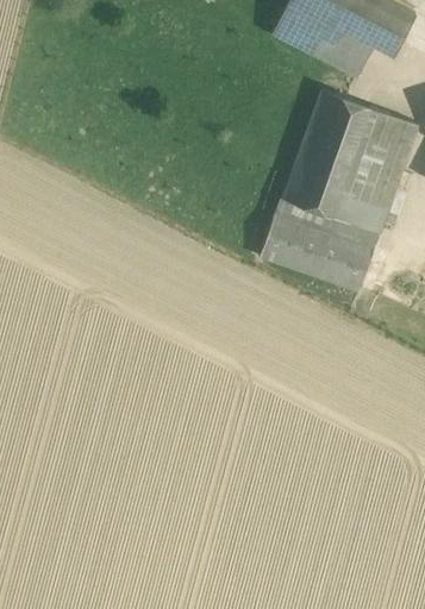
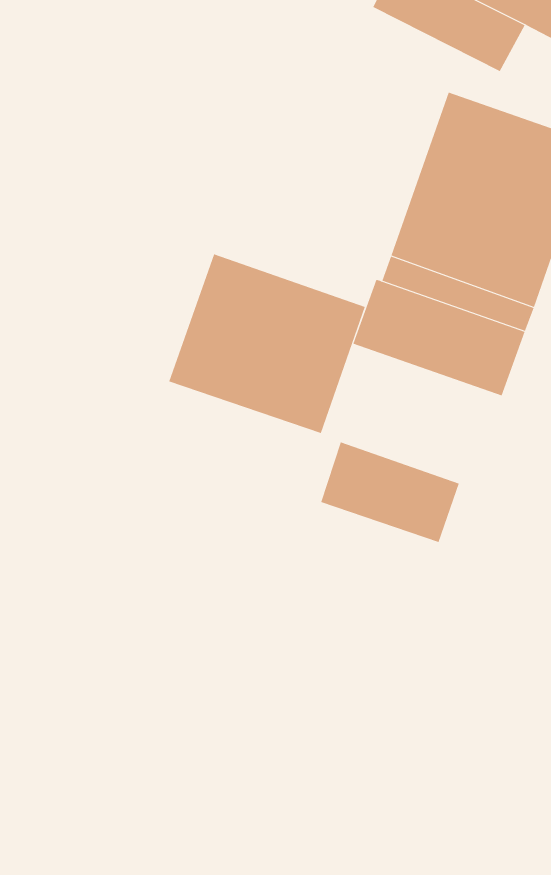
building: none -> [168,253,366,434]
building: none -> [321,441,460,543]

